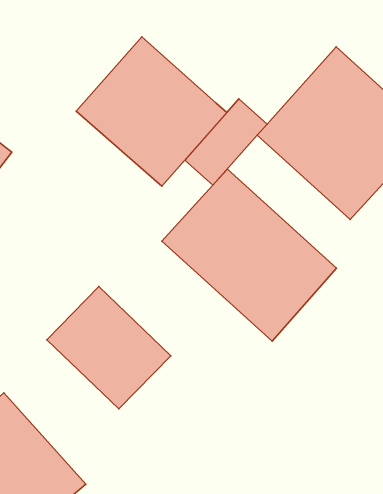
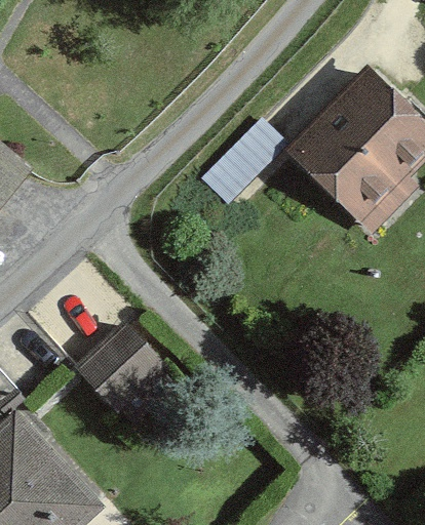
building: [76,37,227,186] -> none
building: [162,169,336,341] -> none

